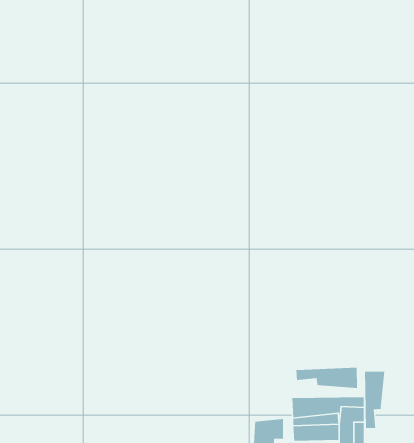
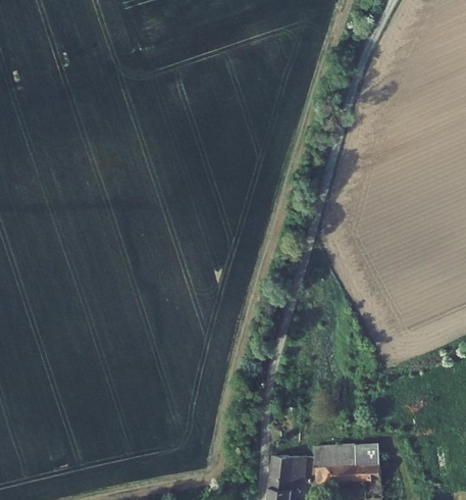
building: [295,367,358,397] -> none
building: [364,371,392,429] -> none

